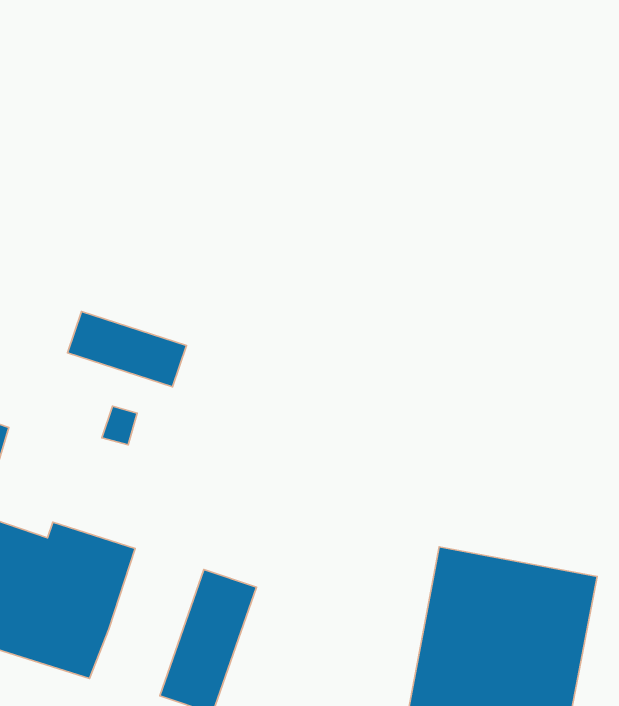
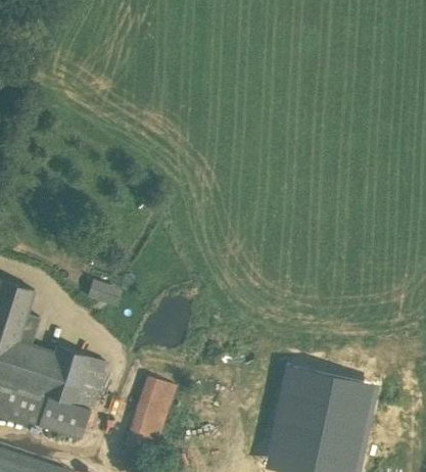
building: [67,311,187,387] -> none

